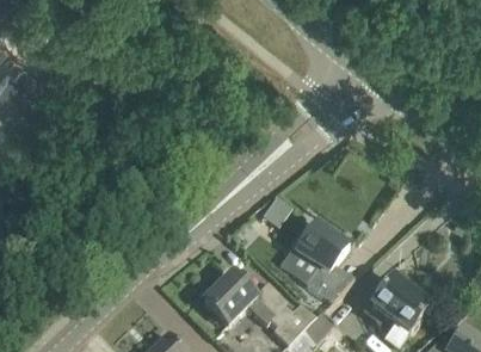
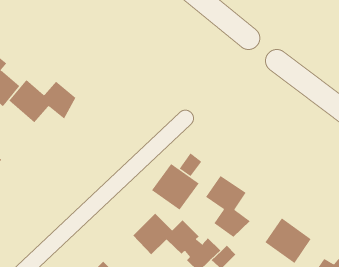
building: none -> [8,79,76,123]
building: none -> [151,163,200,211]

